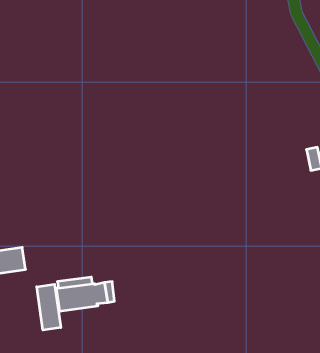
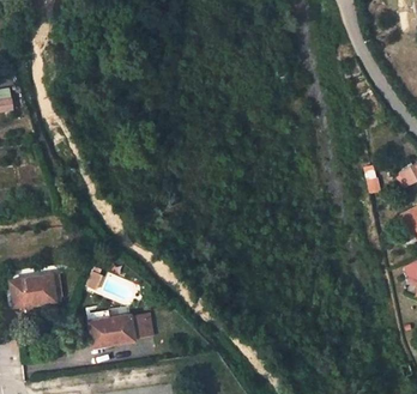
building: [37,284,61,330] -> none

